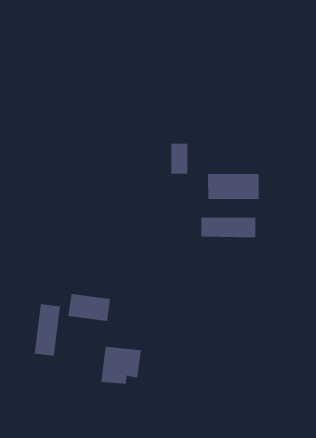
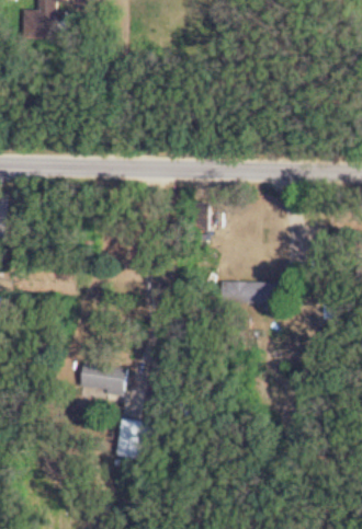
building: [207,173,259,200] -> none
building: [34,303,61,356] -> none

